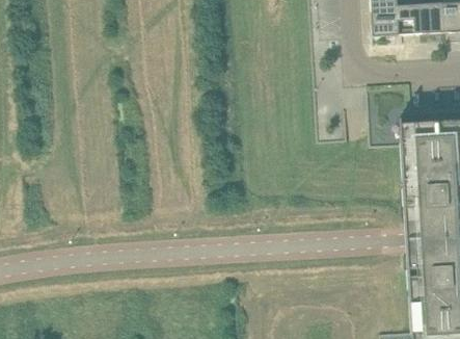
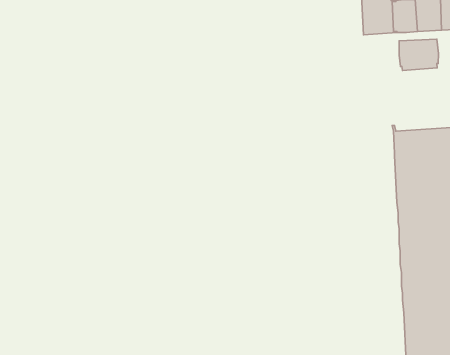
building: none -> [399,39,438,71]

